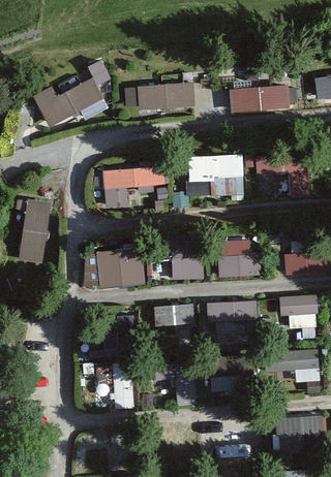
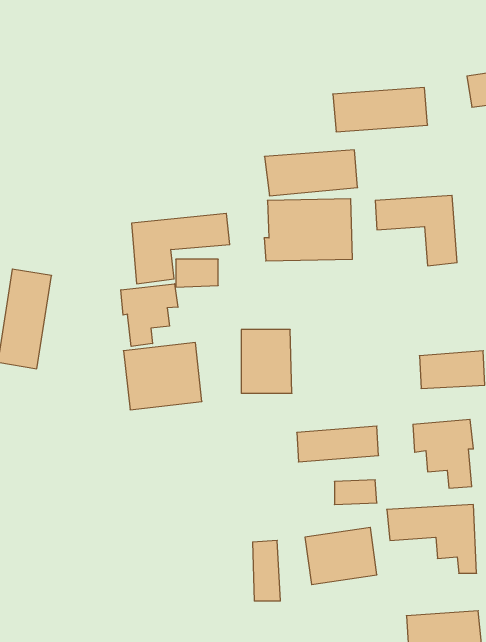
building: [32,60,110,127] -> none
building: [136,83,194,112] -> [264,150,358,196]
building: none -> [121,284,178,346]
building: [216,242,261,278] -> none
building: [153,304,193,327] -> none

